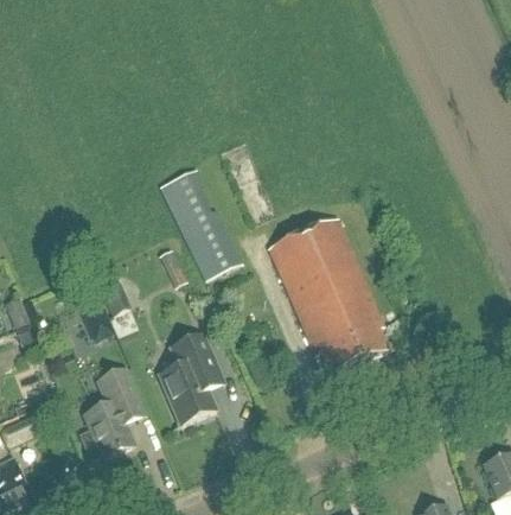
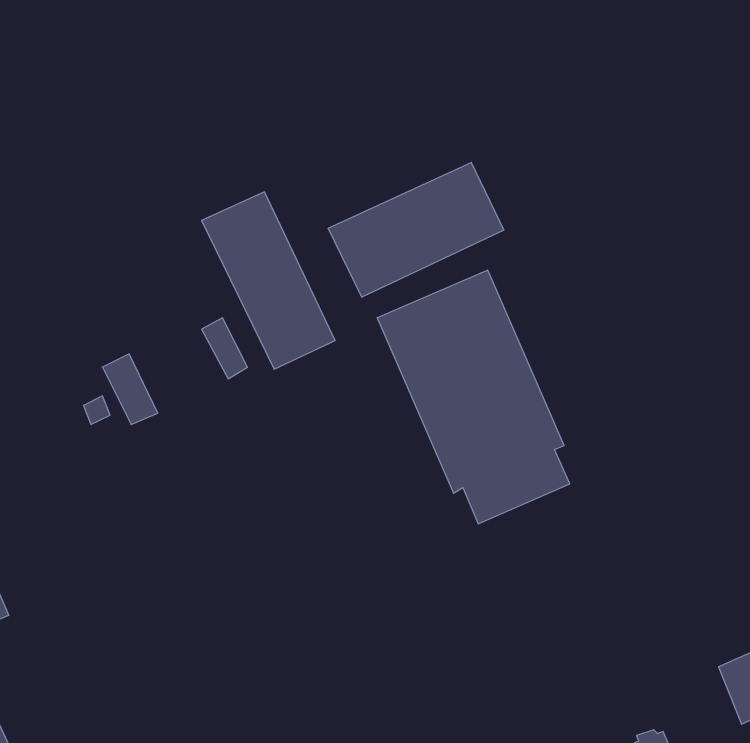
building: none -> [328,162,504,297]
building: [159,332,219,424] -> none
building: [81,369,145,458] -> none

